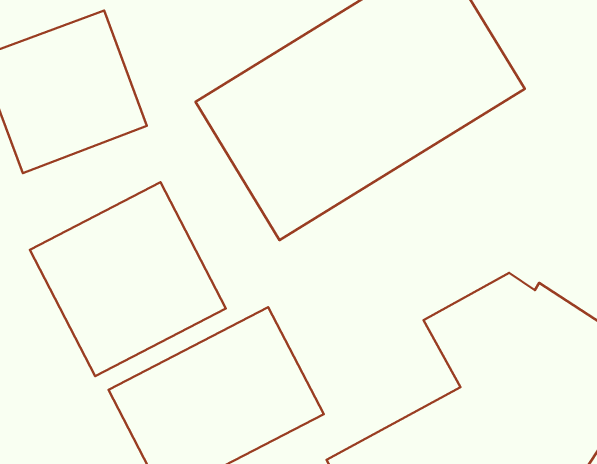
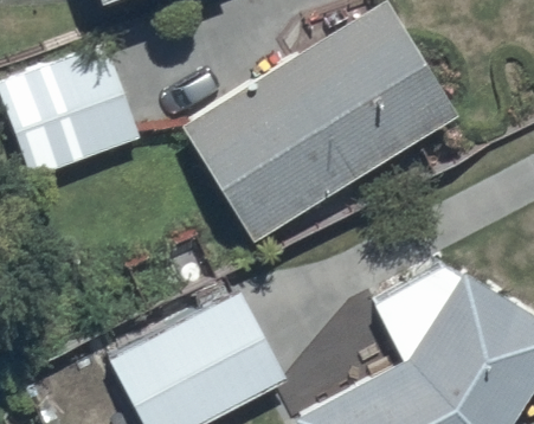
building: [30,182,226,376] -> none

